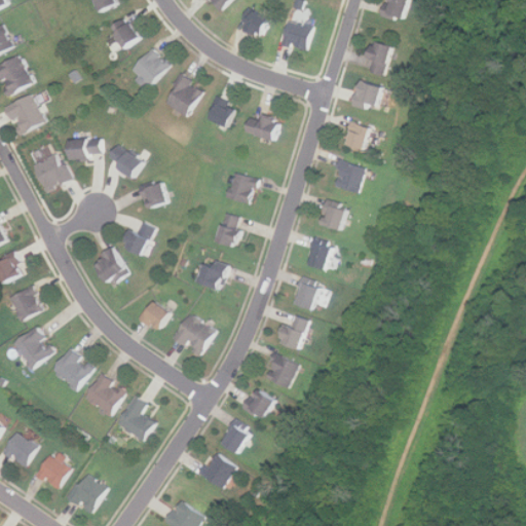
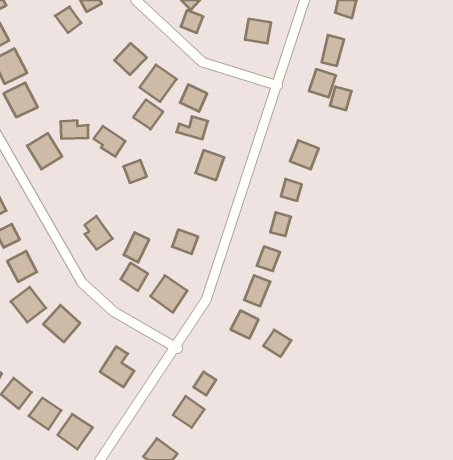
building: [242,10,268,36] -> [181,10,203,33]
building: [109,18,139,48] -> [55,7,81,33]
building: none -> [133,100,163,129]
building: [243,114,279,140] -> [176,117,208,139]
building: [344,122,369,149] -> [330,87,352,110]
building: [214,213,240,248] -> none
building: [125,221,154,255] -> [124,232,149,262]
building: [82,373,124,416] -> none
building: [241,388,273,419] -> [263,330,291,357]

